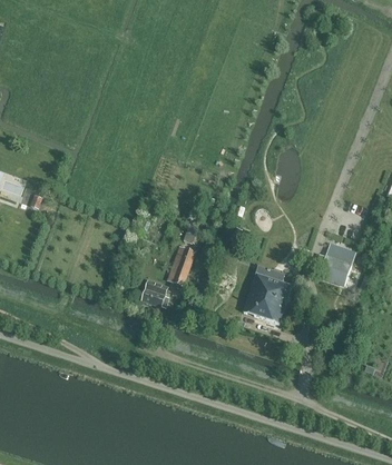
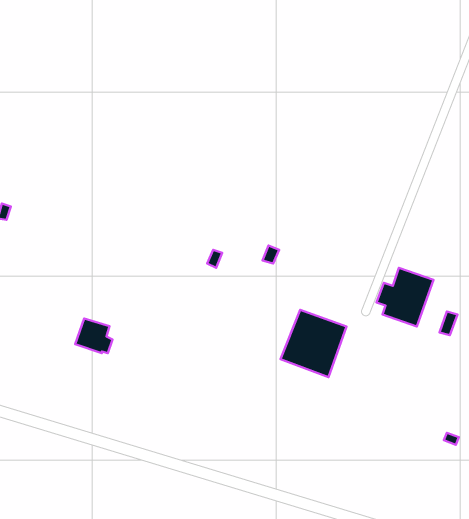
building: [167,245,195,285] -> none
building: [141,281,169,307] -> [75,319,112,353]

